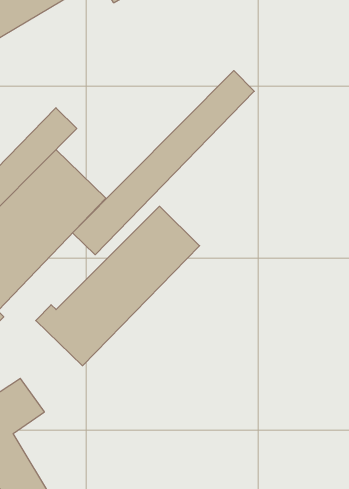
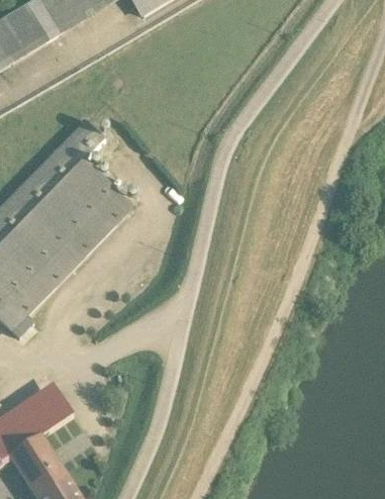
building: [73,71,254,255] -> none
building: [36,206,200,366] -> none

